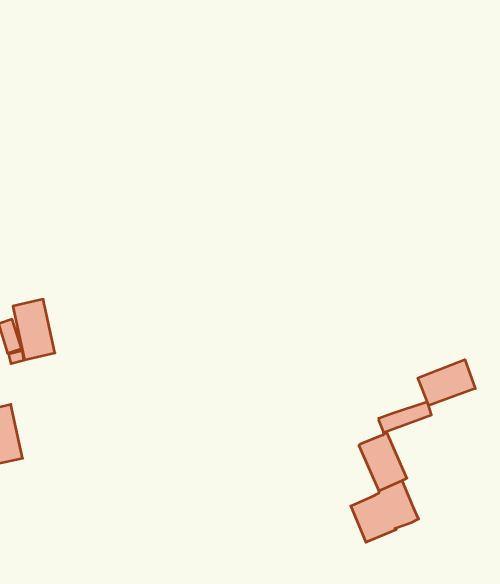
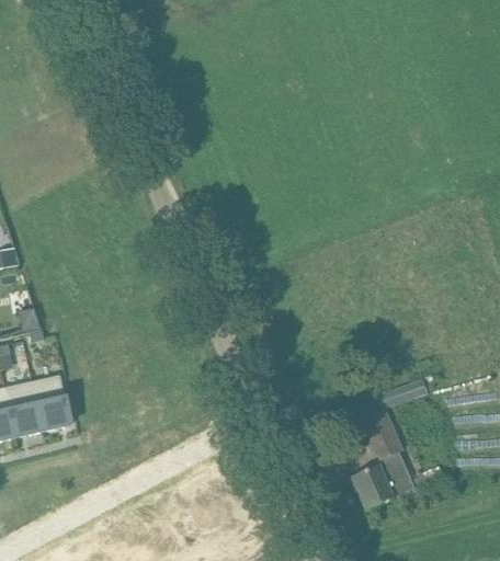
building: [13,299,55,360] -> [31,375,70,432]
building: [418,360,475,405] -> none

